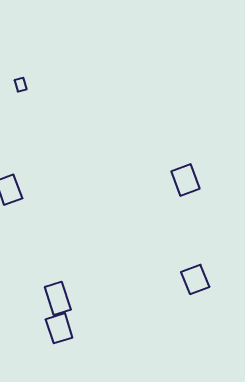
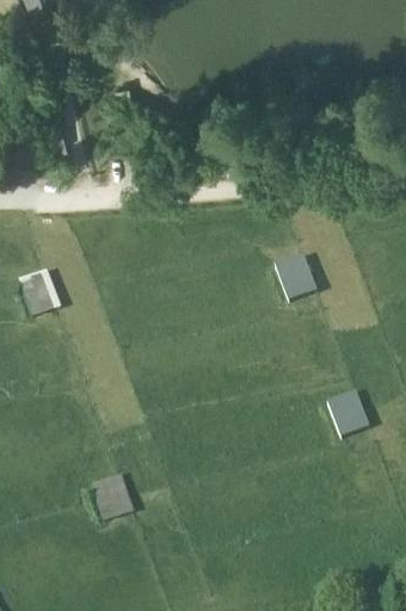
building: [181,265,210,294] -> [328,390,370,433]
building: [45,282,71,315] -> none

